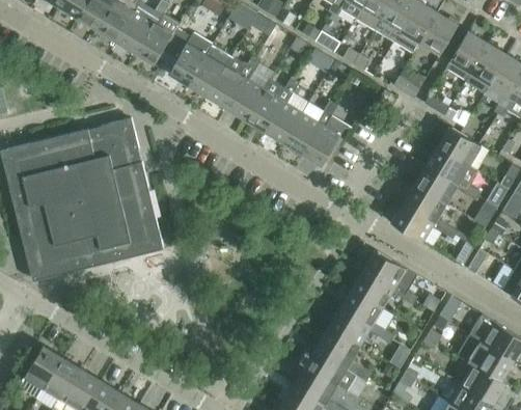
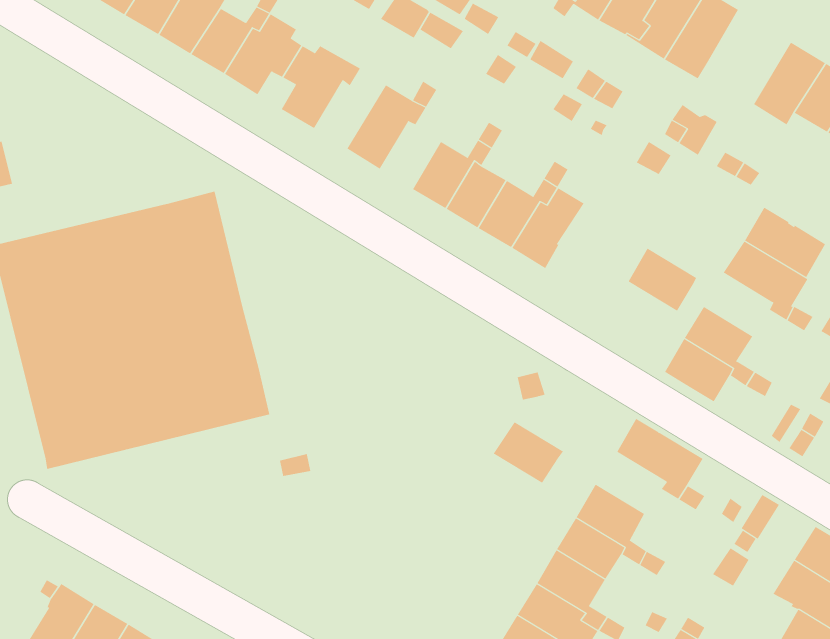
building: [419,12,458,55] -> none
building: [189,47,230,93] -> none
building: [227,78,263,117] -> none
building: [416,166,457,203] -> [628,248,697,312]
building: [353,271,394,307] -> [493,421,564,484]

